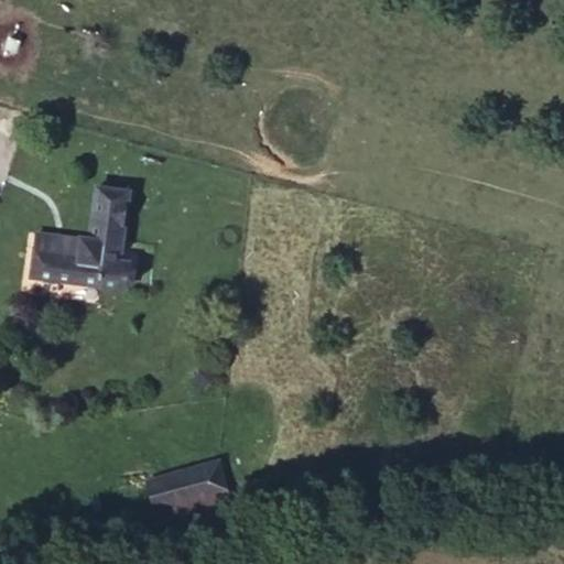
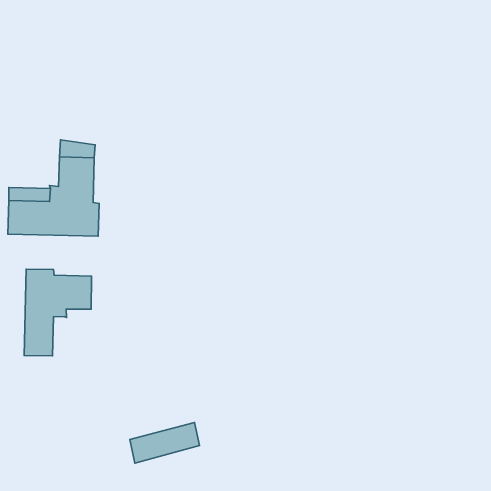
building: none -> [24,269,92,356]
building: [158,457,234,506] -> none

